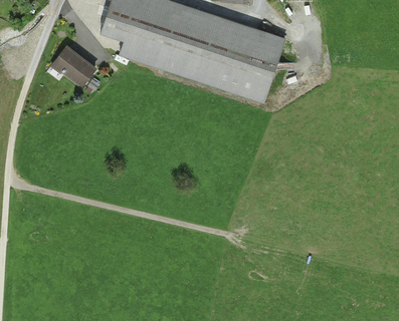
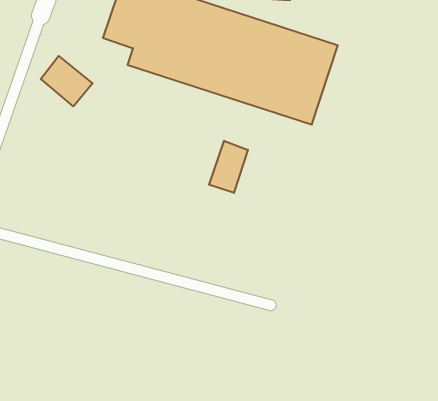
building: none -> [209,141,248,193]

